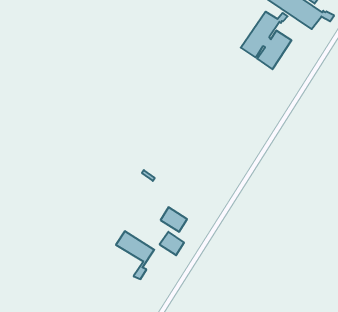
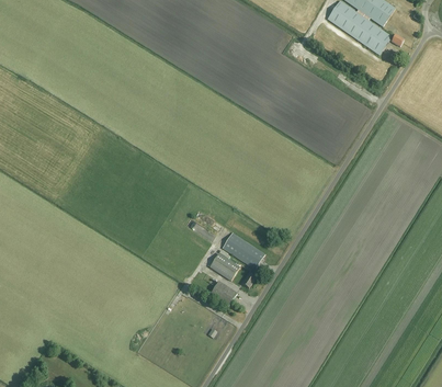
building: [241,12,291,69] -> none
building: [116,231,154,279] -> [223,234,265,287]

